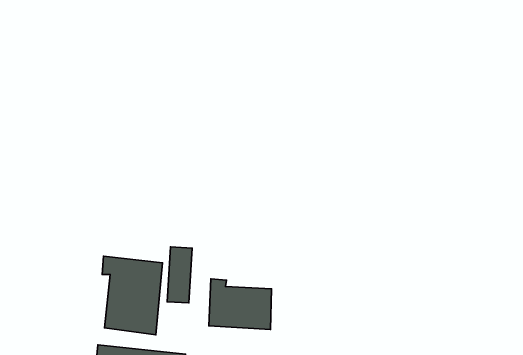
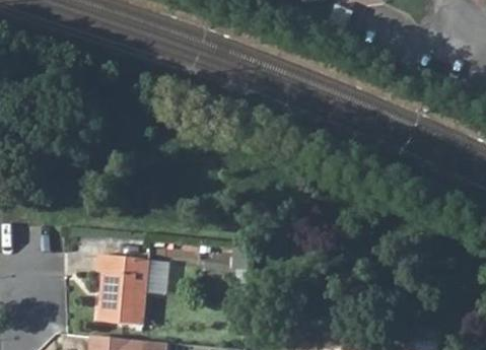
building: [209,279,271,330] -> none

